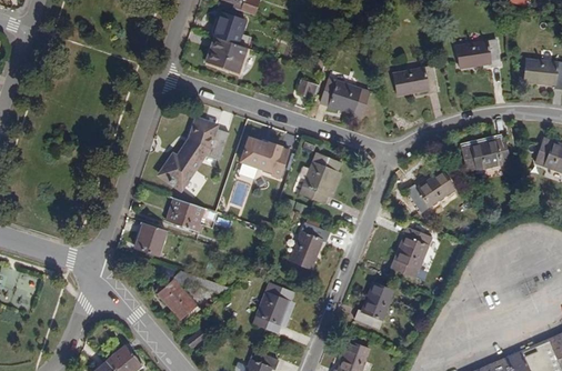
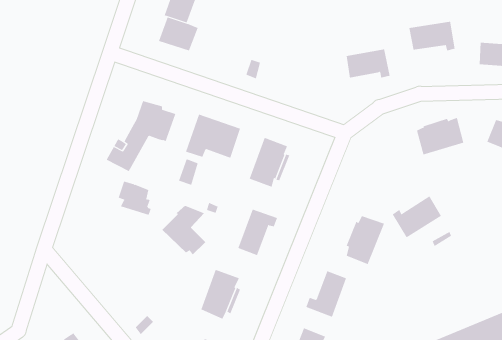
building: [318,79,368,116] -> none
building: [407,173,456,215] -> [392,196,442,238]
building: [133,223,164,257] -> none
building: [158,273,202,323] -> [161,205,206,256]

